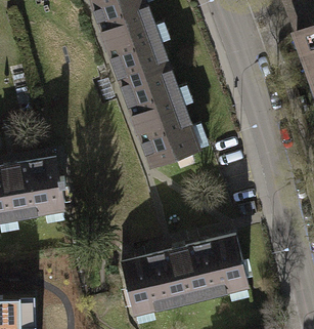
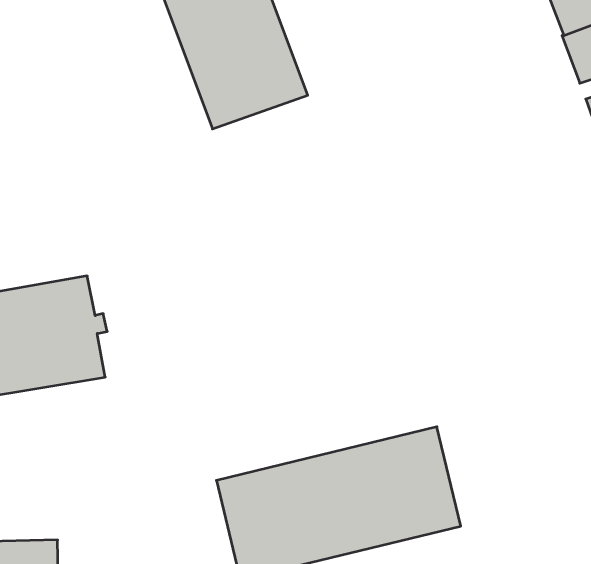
building: [117,66,196,169] -> none

